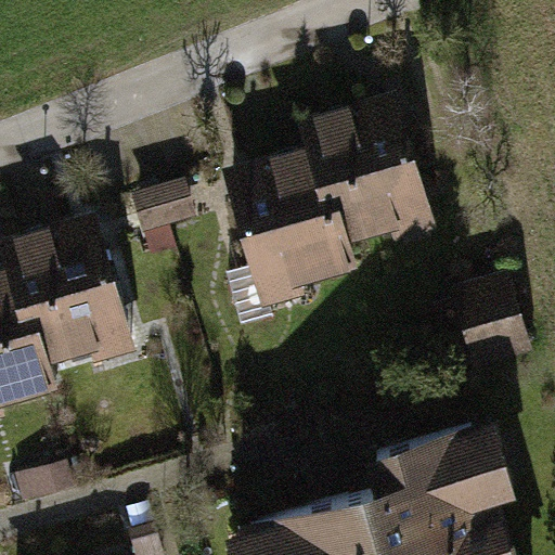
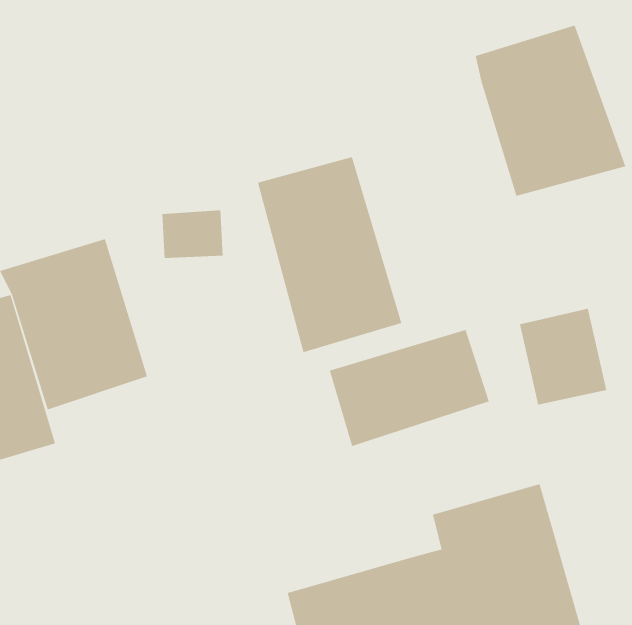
building: [302,95,435,245] -> [475,25,626,196]
building: none -> [329,329,490,447]

